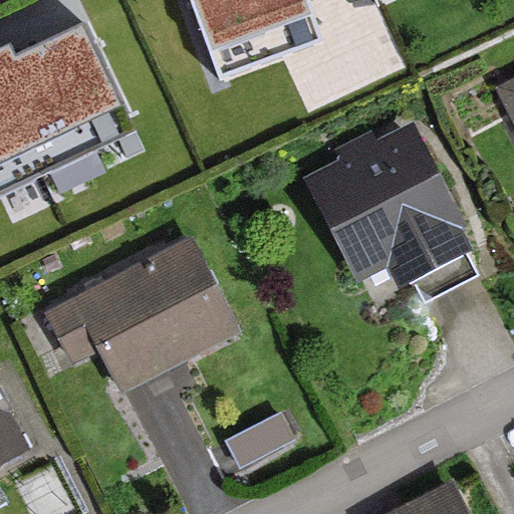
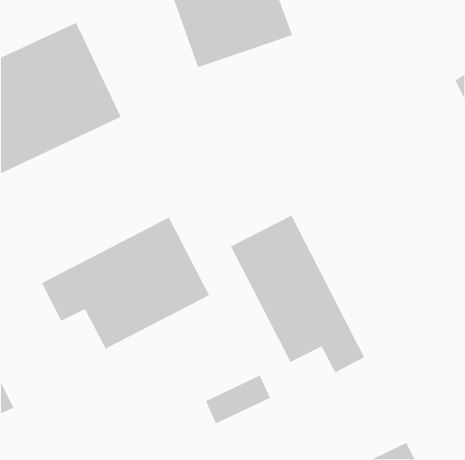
building: [312,131,458,273] -> none
building: none -> [230,215,365,373]

